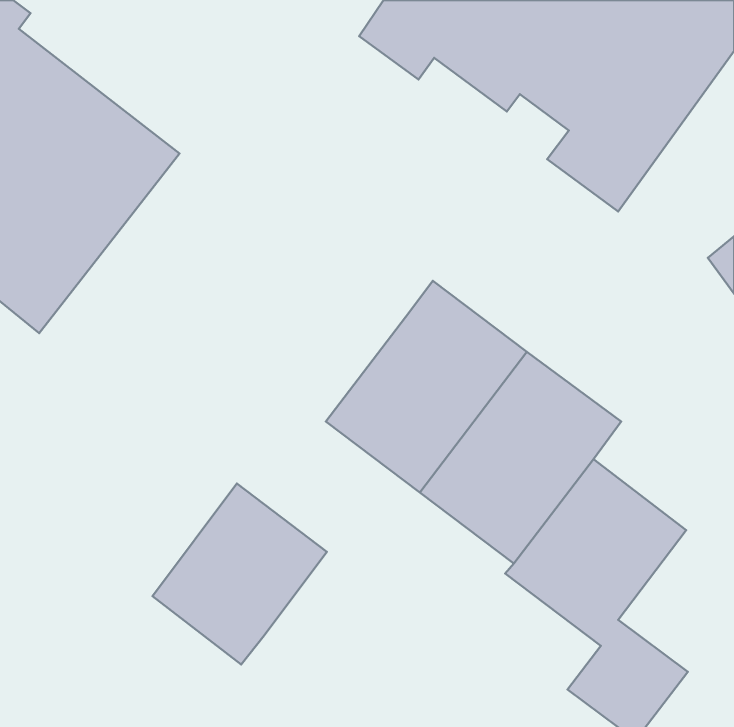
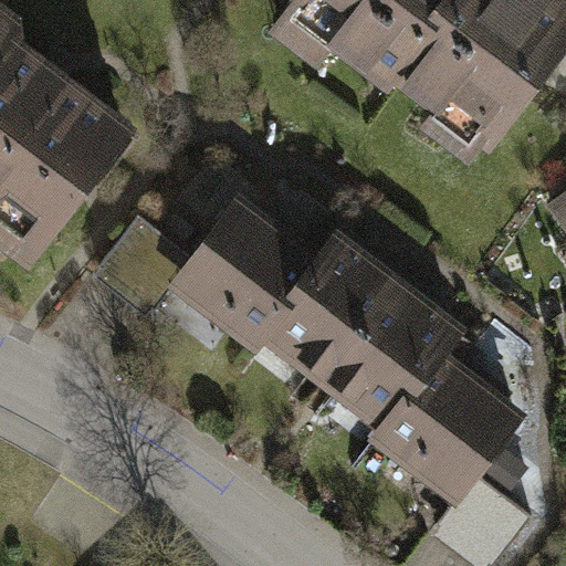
building: none -> [92,198,310,340]
building: [153,484,327,664] -> none

